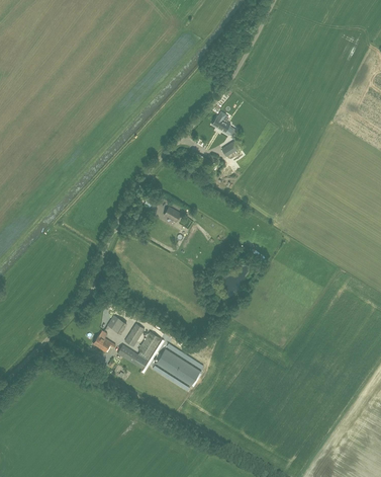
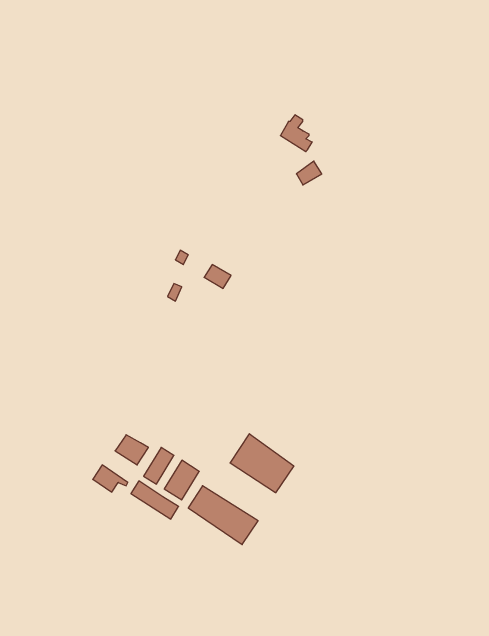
building: none -> [230,434,294,493]

